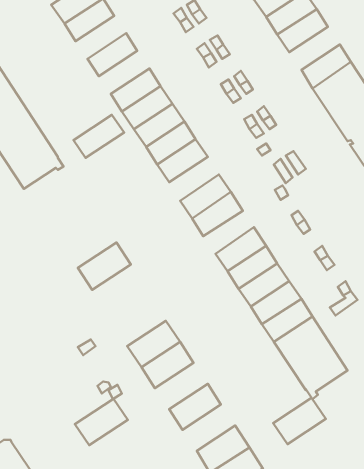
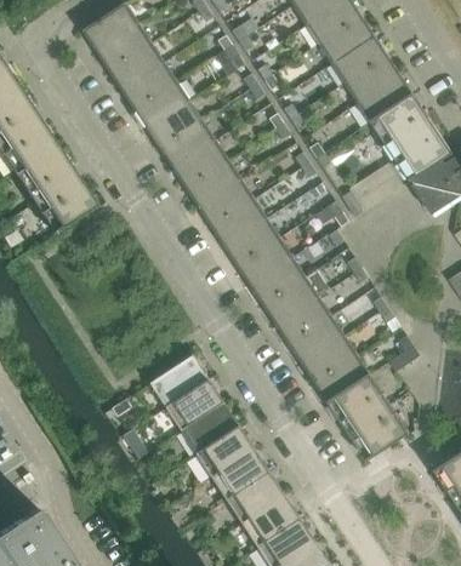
building: none -> [109,44,165,91]
building: none -> [345,56,400,103]
building: [73,115,124,158] -> [135,82,190,130]
building: none -> [212,199,267,247]
building: none -> [250,258,306,305]
building: [78,242,131,290] -> [150,355,209,407]
building: [273,398,326,444] -> [227,471,285,522]
building: [75,399,128,445] -> [197,425,255,476]

